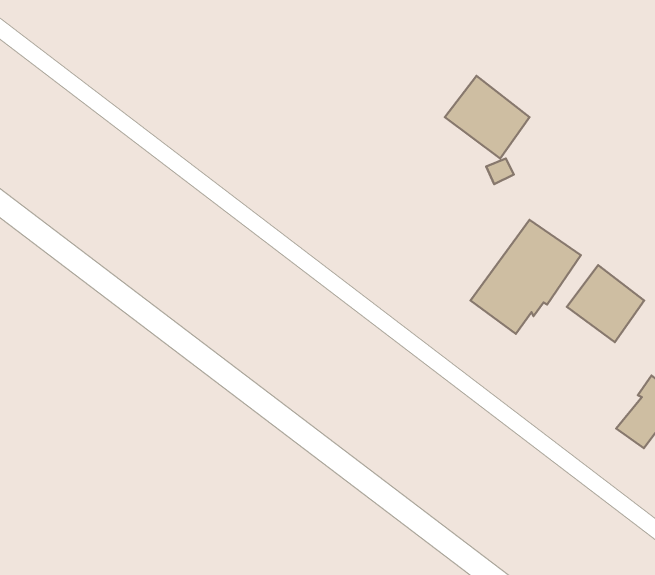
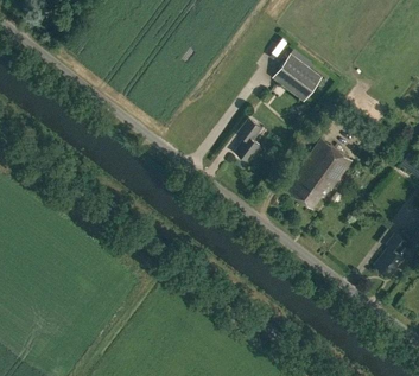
building: none -> [236,119,264,161]
building: [567,265,644,342] -> none

